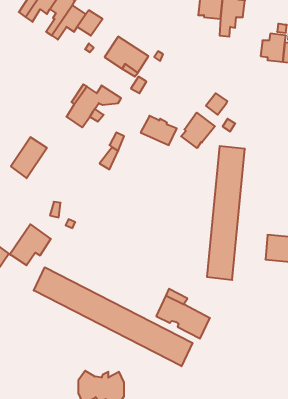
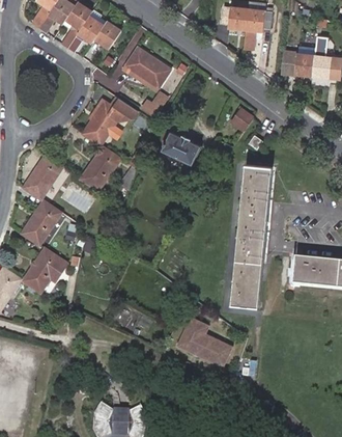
building: [181,113,215,148] -> none
building: none -> [80,145,119,190]
building: none -> [21,199,60,244]
building: [34,267,193,366] -> none

